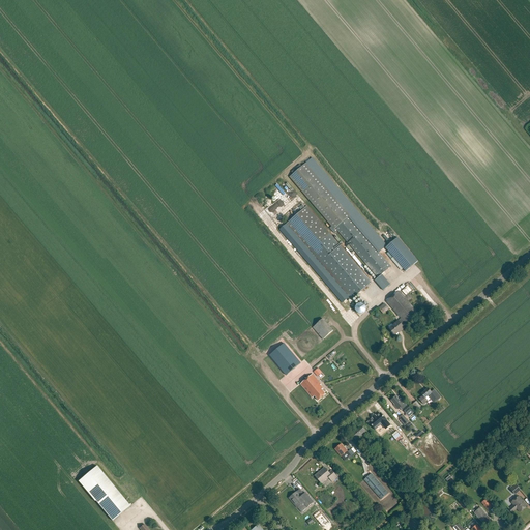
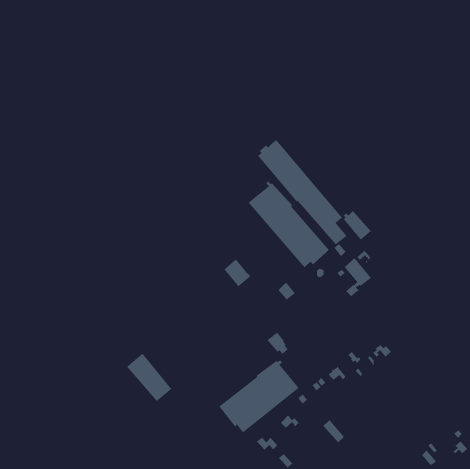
building: [269,342,300,374] -> [223,259,251,287]
building: none -> [219,359,299,433]
building: [78,464,129,519] -> [126,353,172,402]

